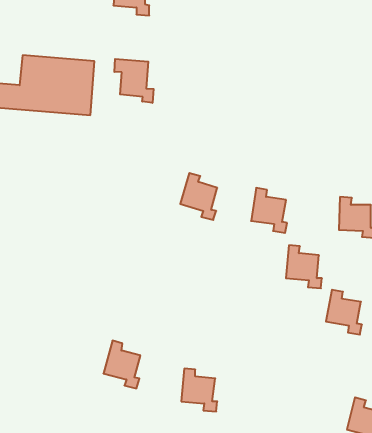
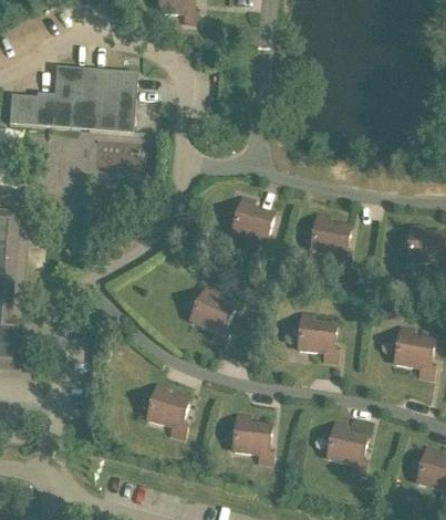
building: [114,59,154,103] -> none
building: [286,245,322,288] -> [298,311,338,358]
building: none -> [189,285,232,341]
building: none -> [325,420,366,471]

